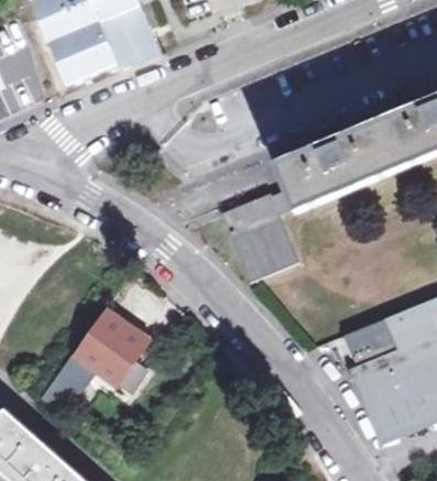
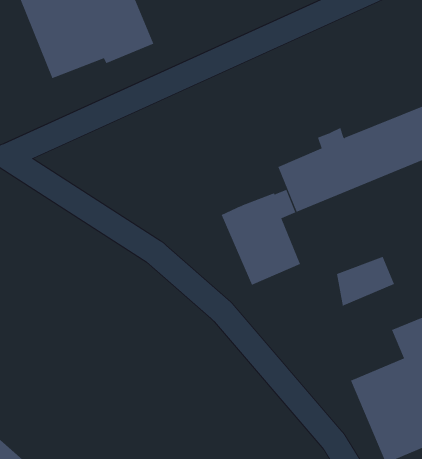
building: [46,315,149,408] -> none
building: [341,320,396,368] -> [336,256,395,307]

